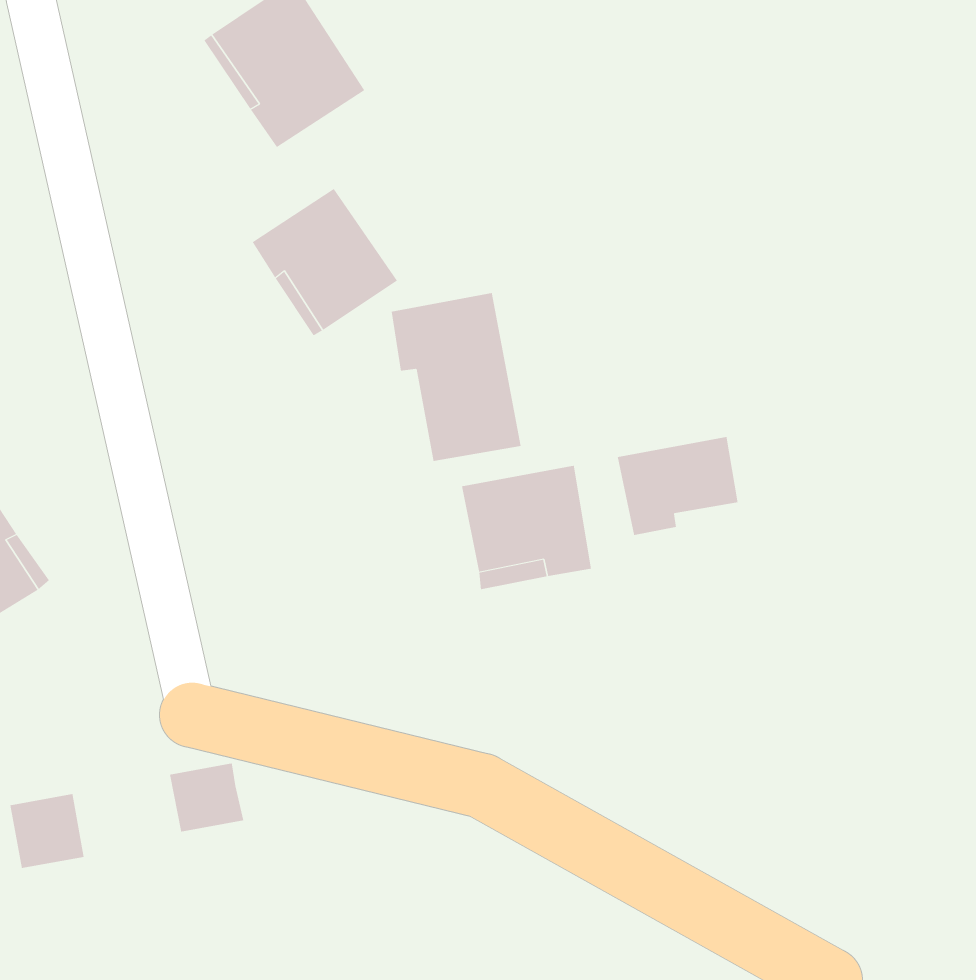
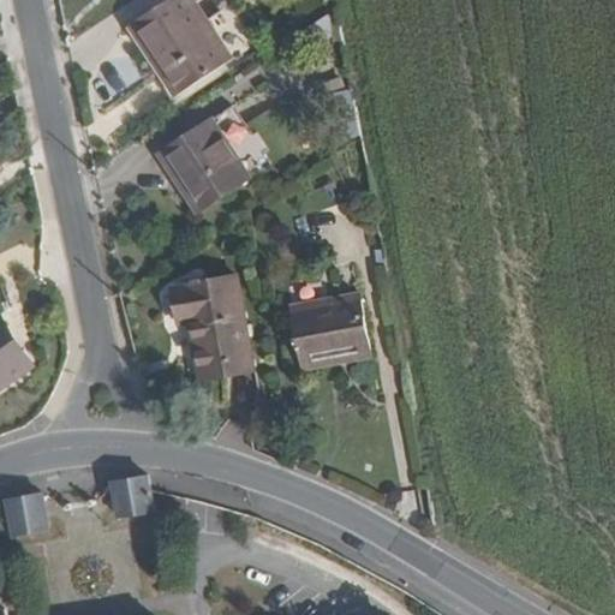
building: [391,292,521,462] -> [171,273,252,378]
building: [617,436,738,536] -> none

